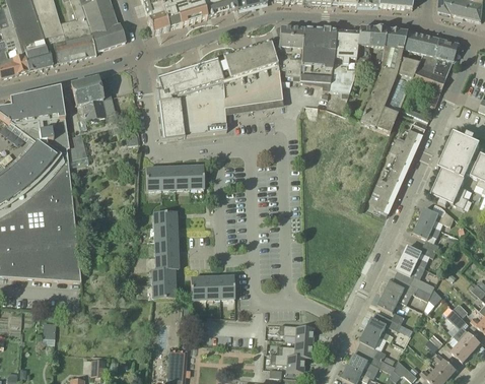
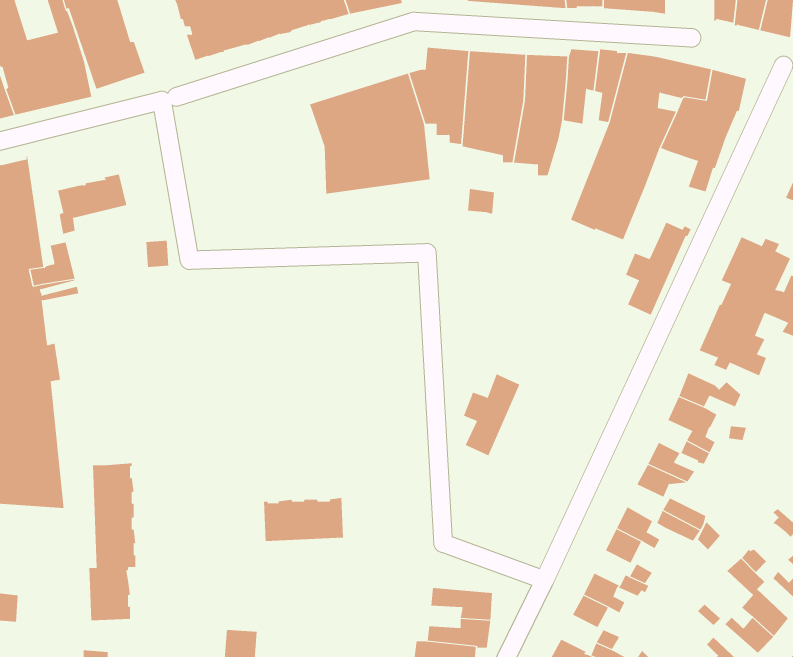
building: [154,58,226,139] -> none
building: [70,76,111,106] -> none
building: [145,166,204,190] -> none
building: [372,169,404,214] -> [463,373,520,456]
building: [151,211,178,299] -> [89,463,136,621]

